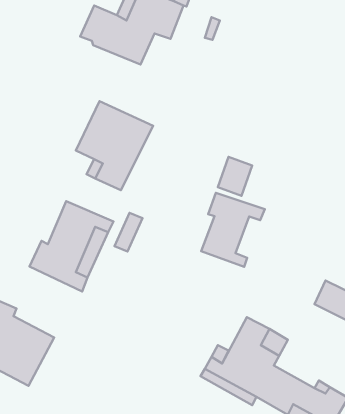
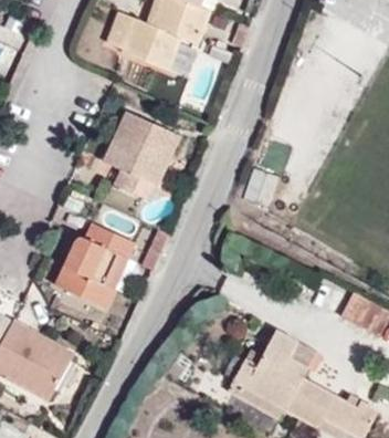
building: [201,193,265,267] -> none

